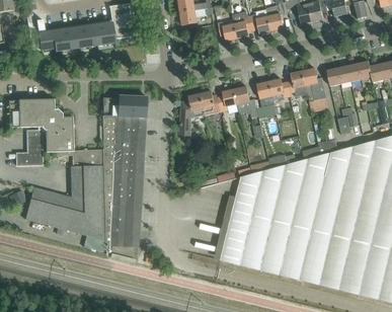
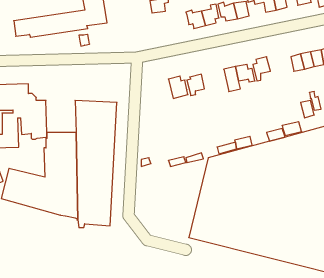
building: [302,67,327,99] -> none
building: [234,85,258,116] -> none
building: [180,93,205,134] -> none
building: [102,94,147,118] -> none

